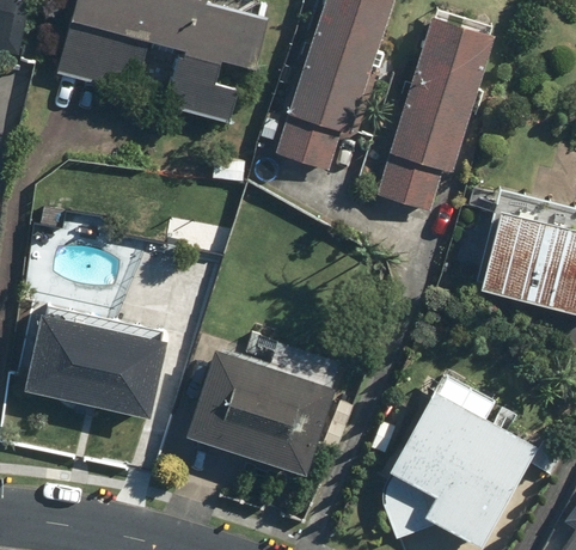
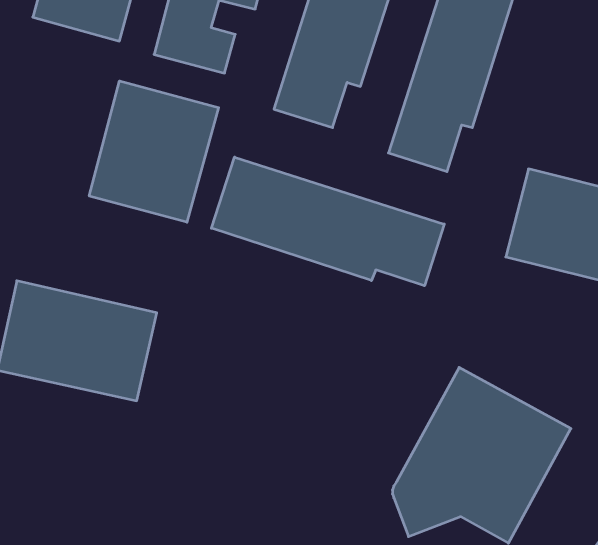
building: none -> [89,81,219,222]
building: none -> [211,157,444,286]
building: [186,348,336,476] -> none

